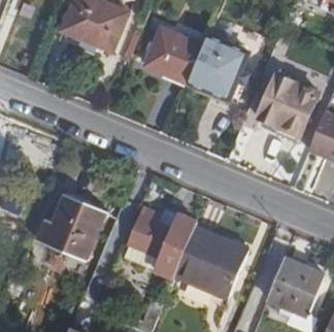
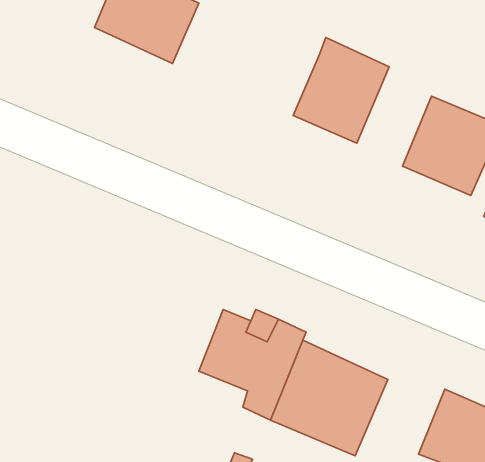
building: [146,28,204,84] -> none
building: [37,193,106,258] -> none

